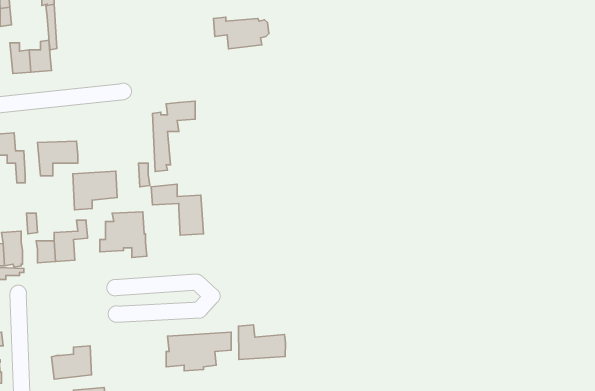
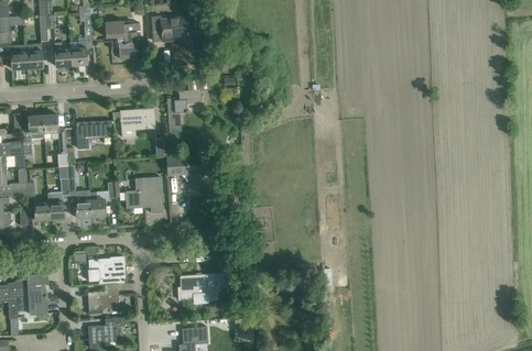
building: none -> [104,21,139,58]
building: [213,17,269,49] -> [150,17,194,42]
building: [73,171,117,210] -> [119,108,154,139]
building: none -> [88,256,124,284]
building: [238,325,285,360] -> none

